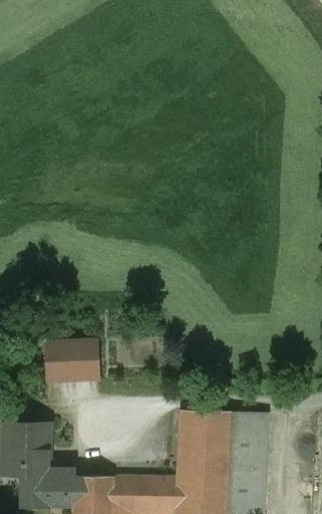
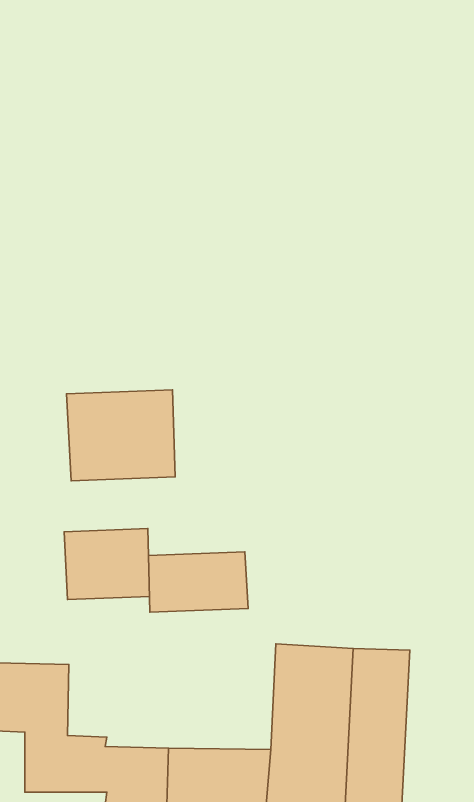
building: none -> [67,390,175,481]
building: none -> [148,552,248,612]

